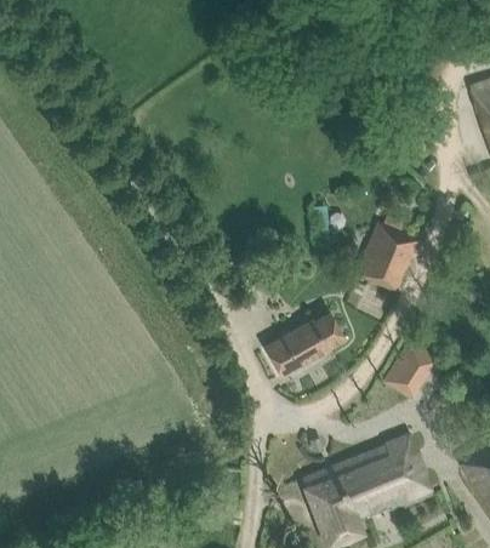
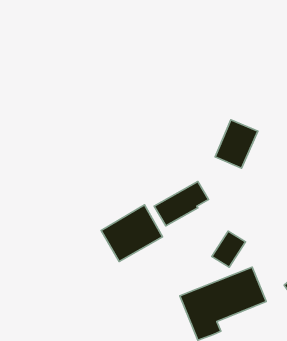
building: [384,343,434,396] -> [212,231,246,267]
building: none -> [101,205,163,261]

